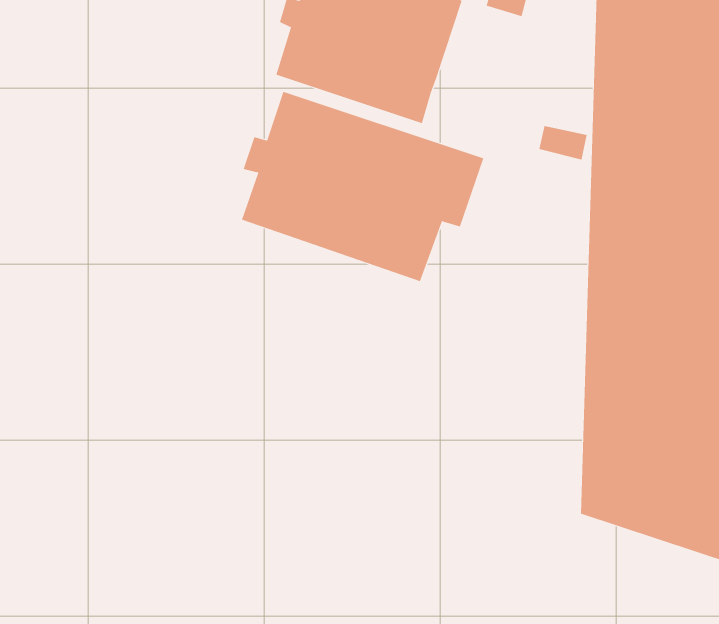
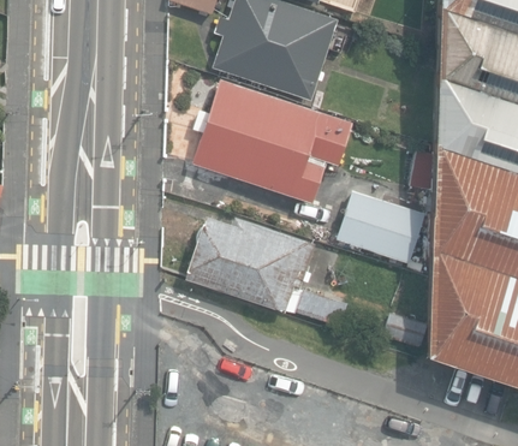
building: none -> [326,186,415,260]
building: none -> [184,216,346,327]

